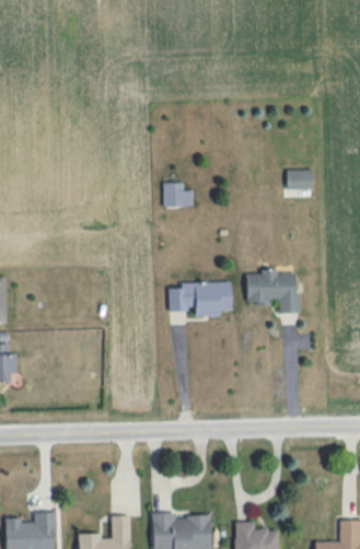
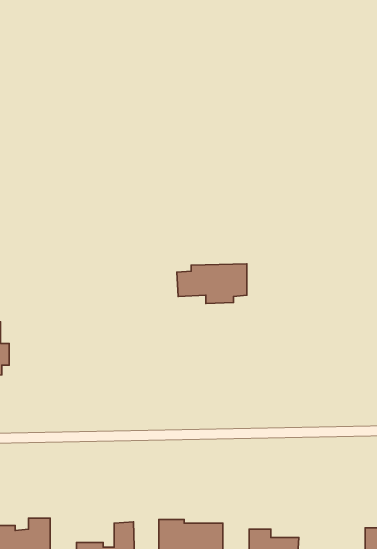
building: [287,170,313,190] -> none
building: [163,183,194,207] -> none
building: [246,271,299,313] -> none

